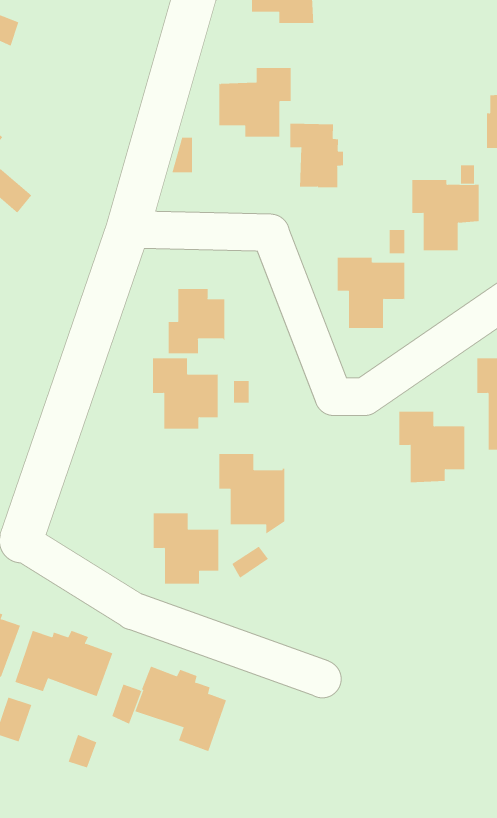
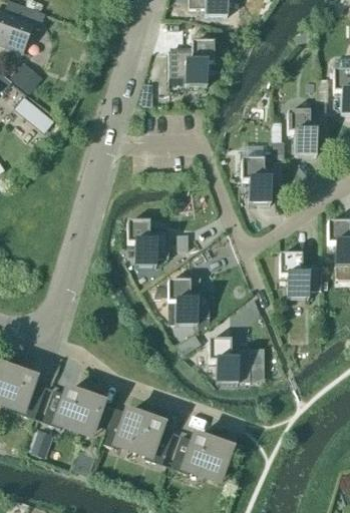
building: [290,123,343,188] -> none
building: [168,288,225,354] -> none
building: [153,513,219,584] -> [209,340,250,384]
building: none -> [169,436,232,477]

